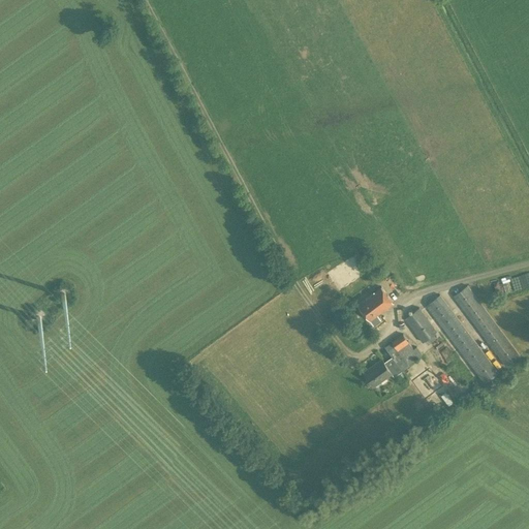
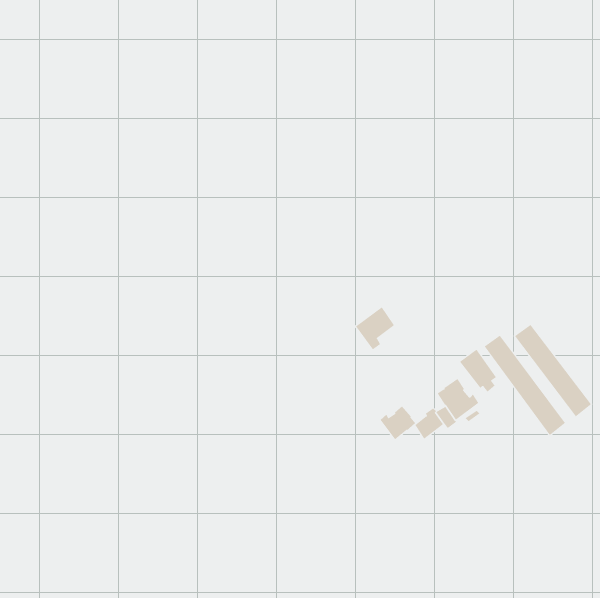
building: [357,288,393,326] -> [355,307,395,350]
building: none -> [380,405,416,440]

